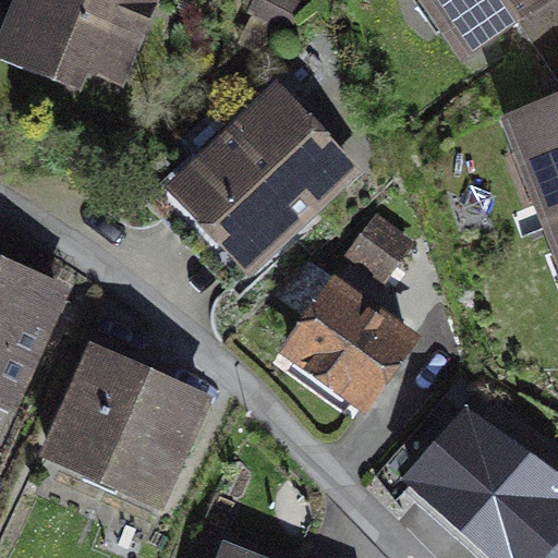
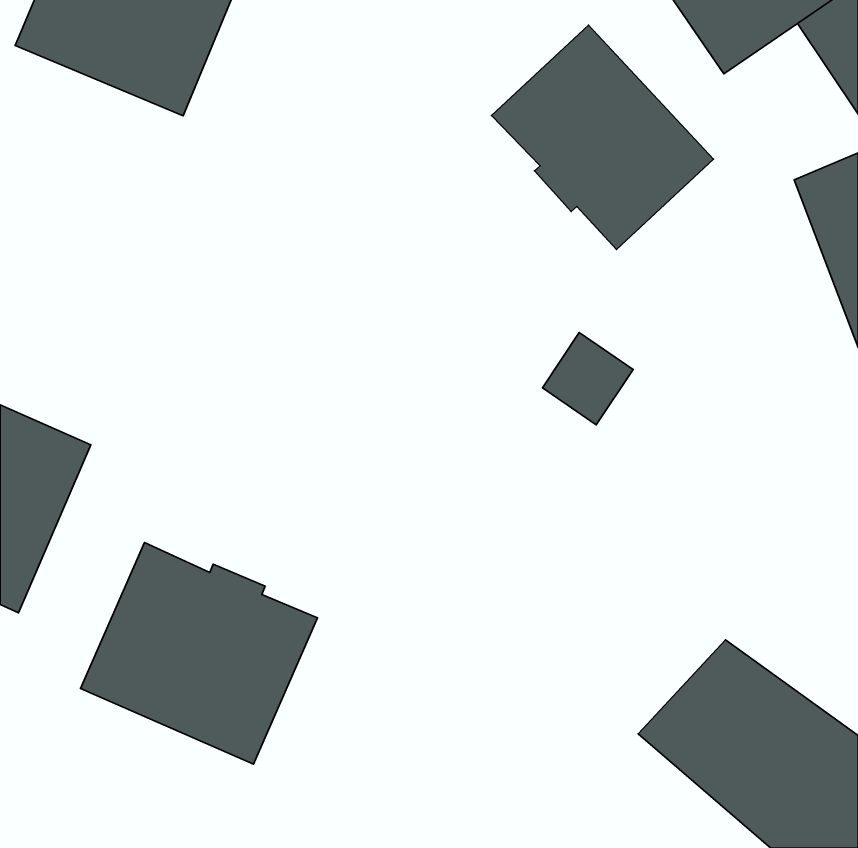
building: none -> [491,25,713,250]
building: [148,90,351,263] -> none
building: [292,284,409,399] -> none

